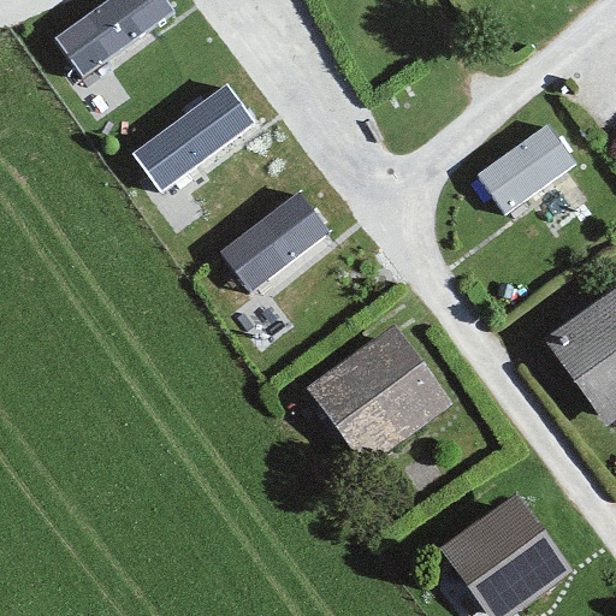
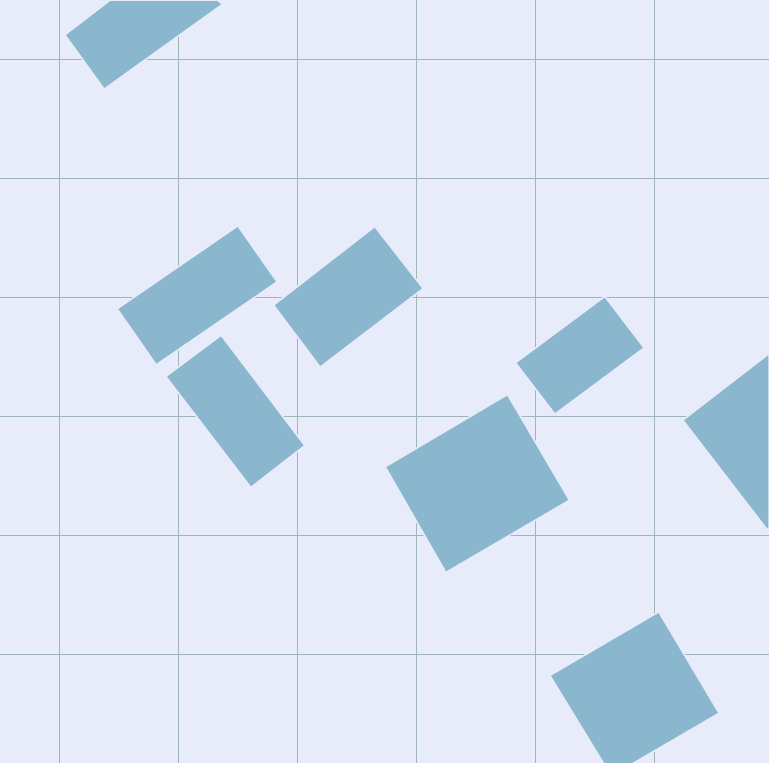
building: [130,82,257,192] -> [117,226,277,365]
building: [475,120,578,214] -> [516,296,644,414]
building: none -> [166,335,305,487]

